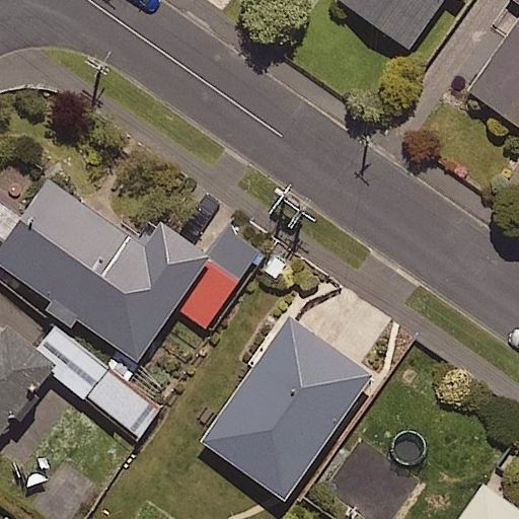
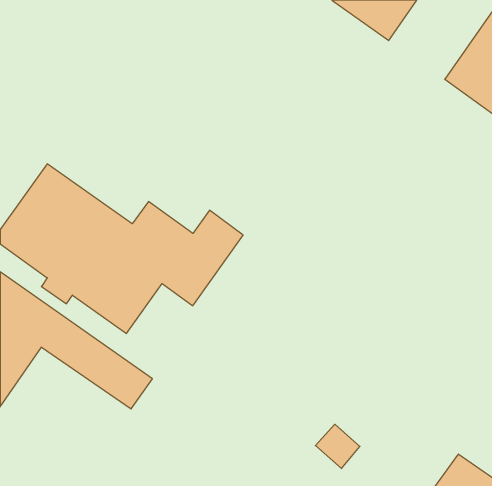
building: [201,318,370,499] -> none

